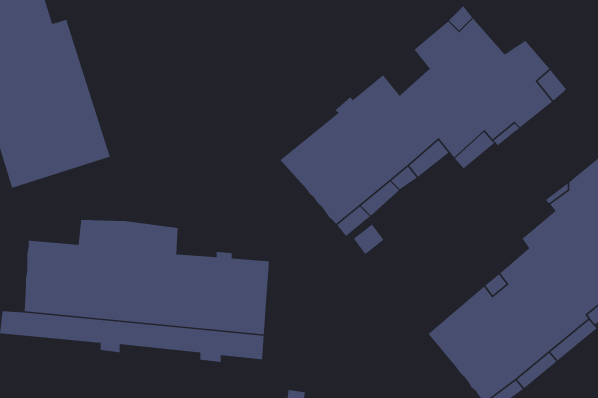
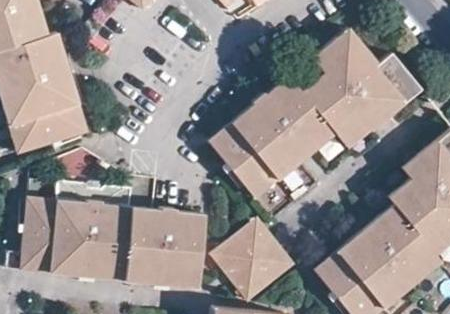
building: none -> [211,215,296,301]

